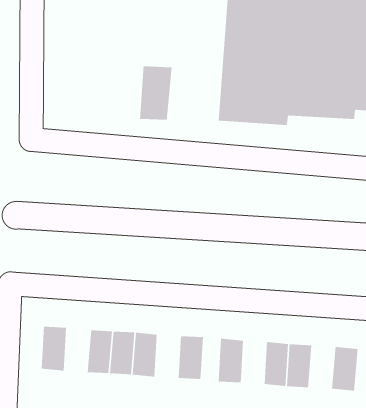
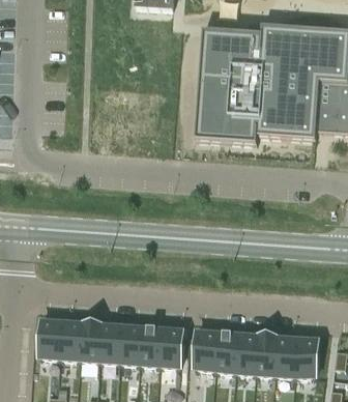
building: [140,65,172,121] -> none
building: none -> [61,322,84,362]
building: none -> [141,328,163,367]
building: none -> [216,334,238,372]
building: none -> [276,338,298,376]

